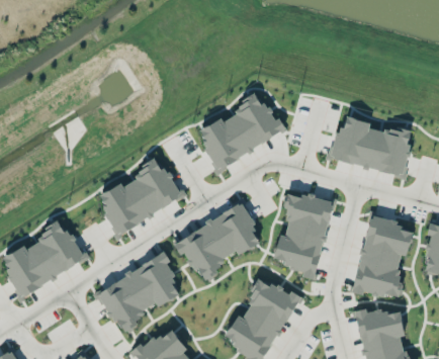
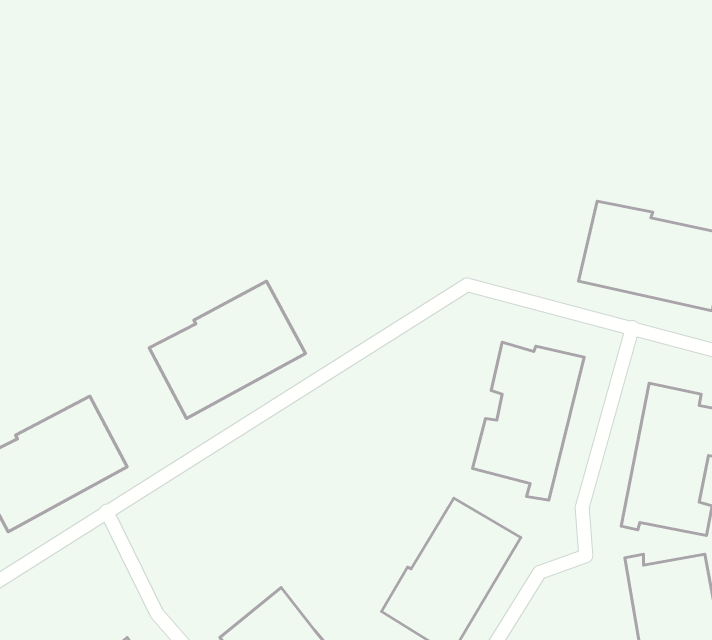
building: [196,95,282,169] -> none
building: [172,204,262,282] -> none
building: [96,253,181,333] -> none

